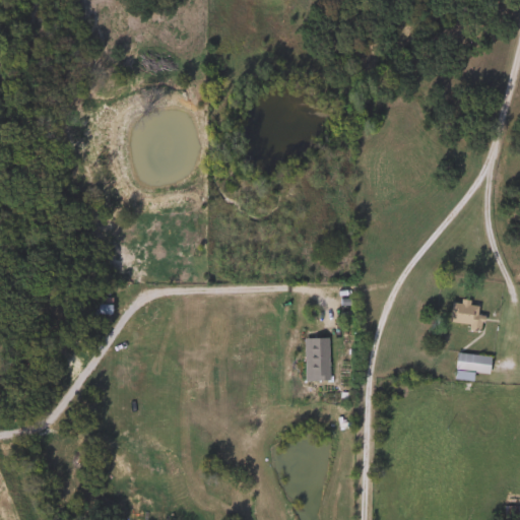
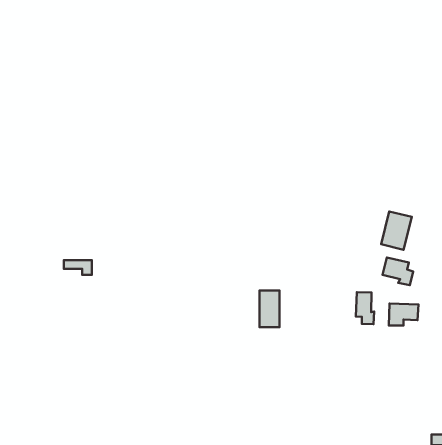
building: none -> [381,211,412,250]
building: none -> [356,292,374,324]

